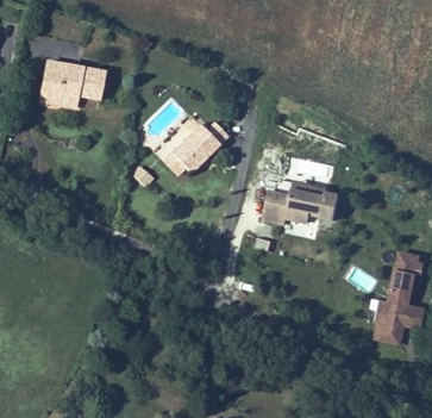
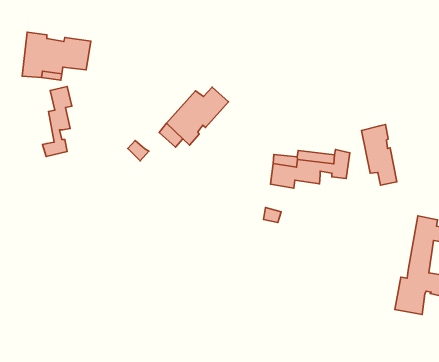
building: none -> [43,87,72,157]
building: none -> [361,125,397,185]

